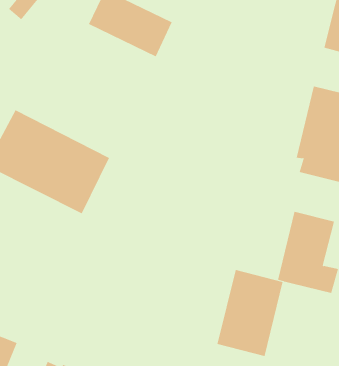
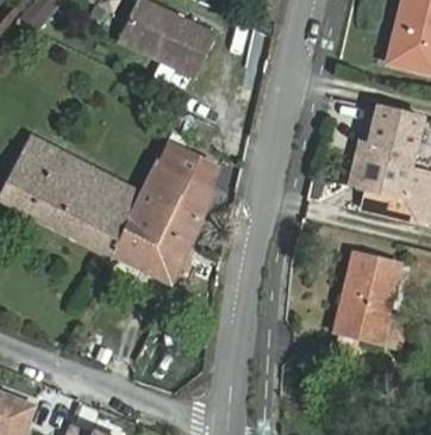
building: none -> [108,142,219,287]
building: [217,269,283,357] -> none

